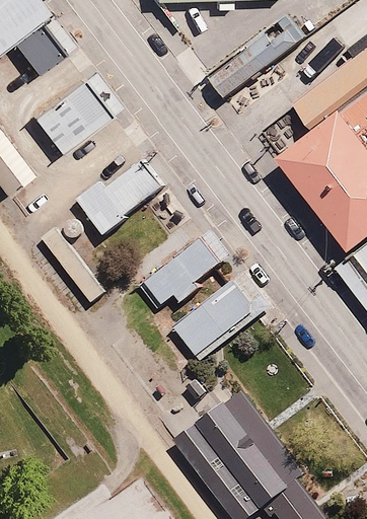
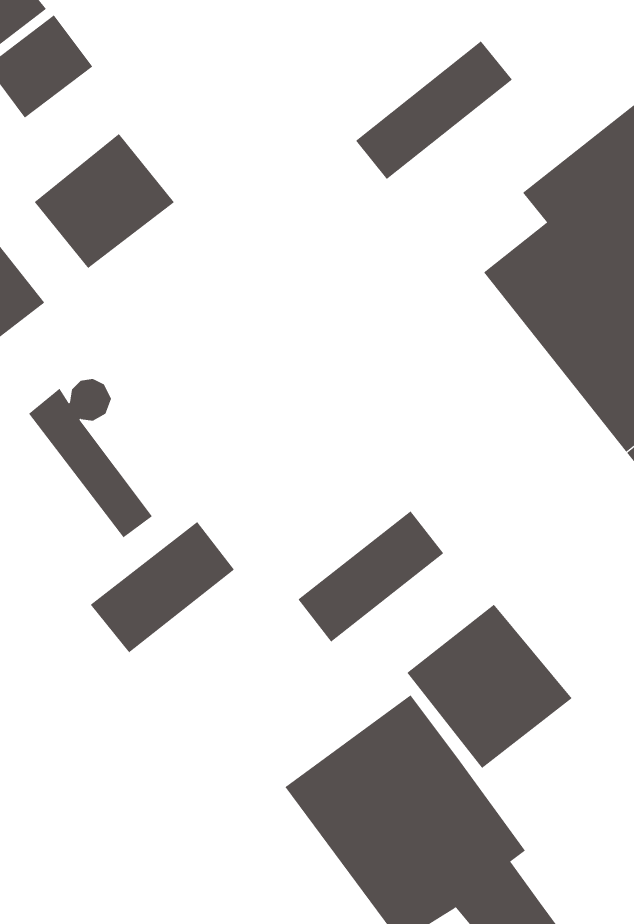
building: [83,164,164,236] -> none
building: [145,237,224,309] -> [90,521,235,653]
building: none -> [406,604,573,769]

